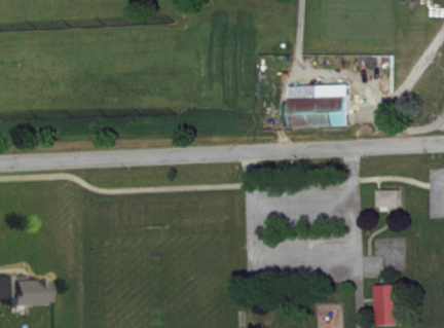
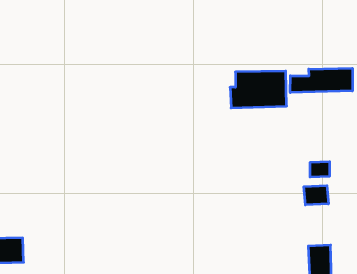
building: none -> [290,68,352,93]
building: none -> [304,186,328,205]

